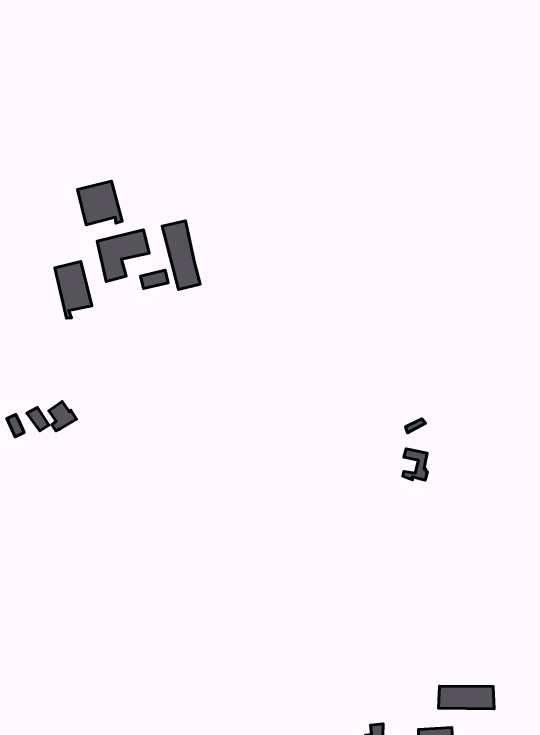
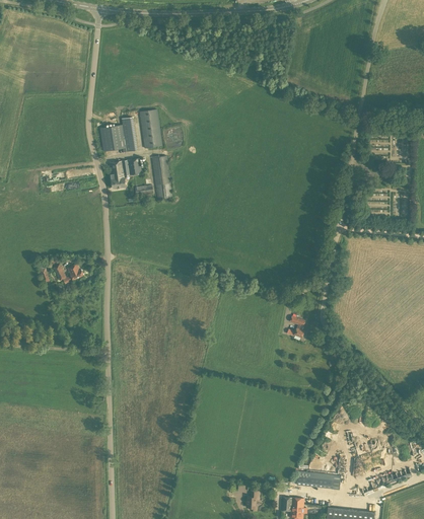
building: none -> [140,108,162,148]
building: [55,261,92,318] -> none

